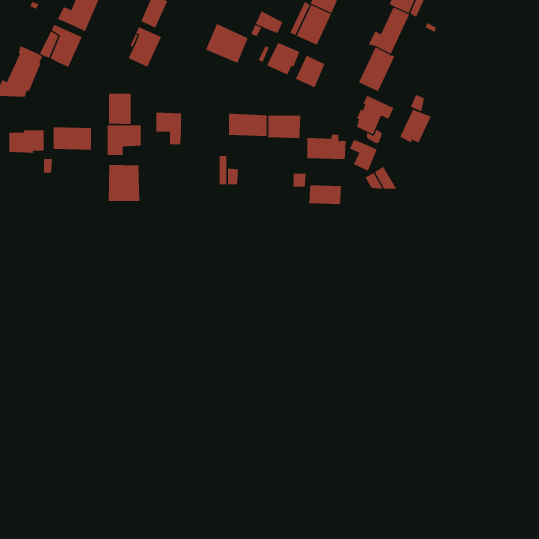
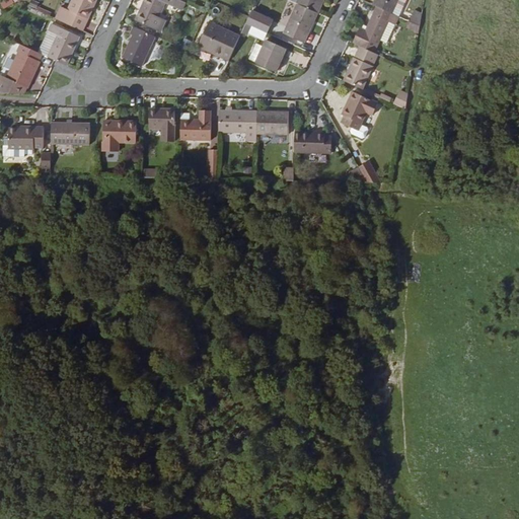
building: [295,55,325,88] -> none
building: [108,93,131,125] -> none
building: [399,109,431,143] -> none
building: none -> [179,108,211,139]
building: [349,139,377,171] -> none
building: [108,164,140,202] -> none
building: [309,185,341,205] -> none

